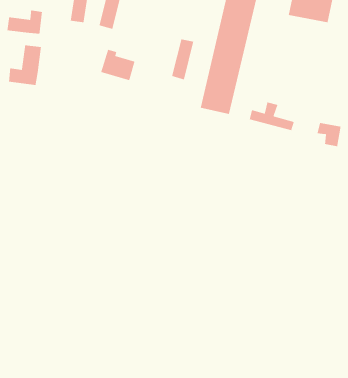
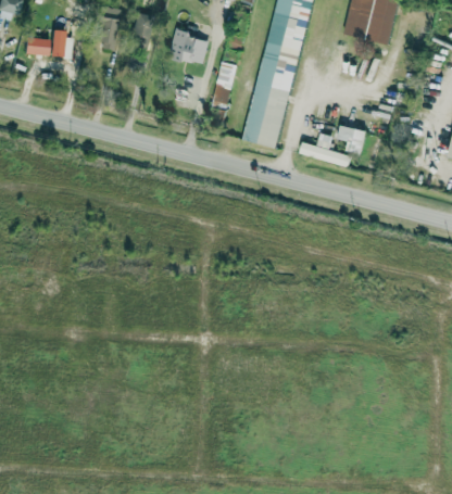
building: [8,44,42,86] -> none
building: [100,49,135,81] -> [168,28,209,65]
building: [317,122,342,147] -> [337,126,365,154]

